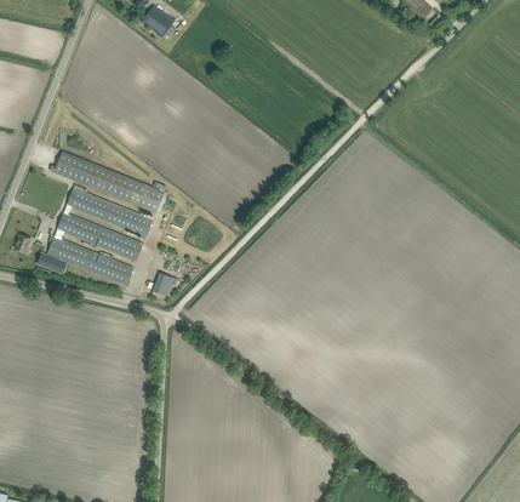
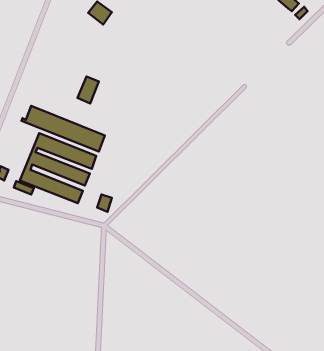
building: none -> [78,77,99,103]

